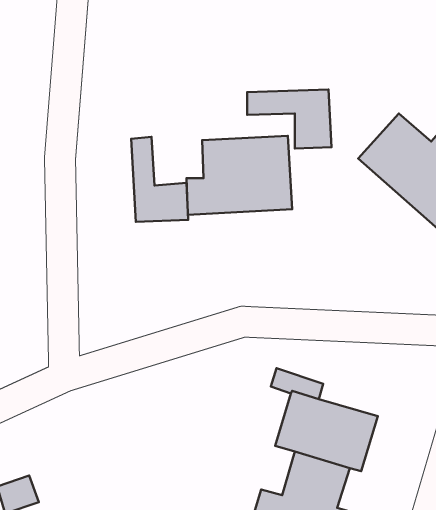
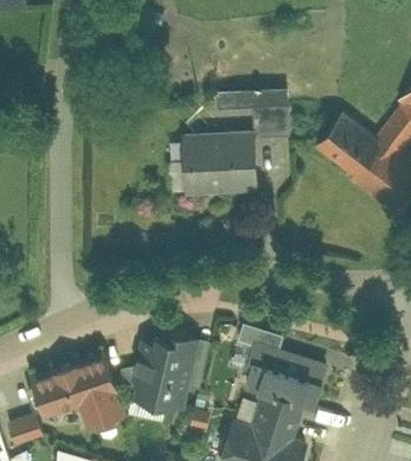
building: [131,137,188,222] -> none
building: none -> [128,331,200,411]
building: none -> [31,352,123,429]

